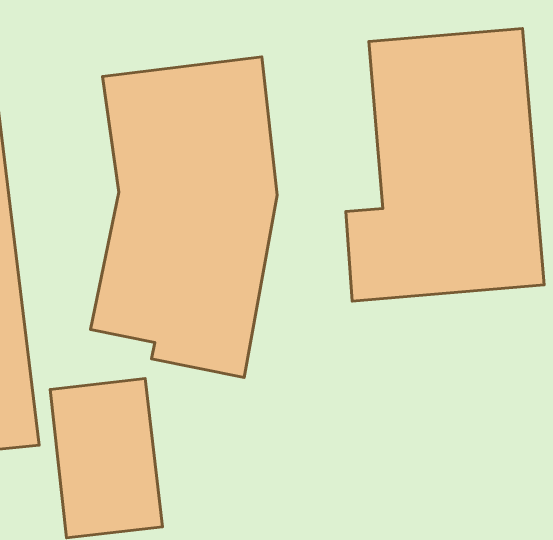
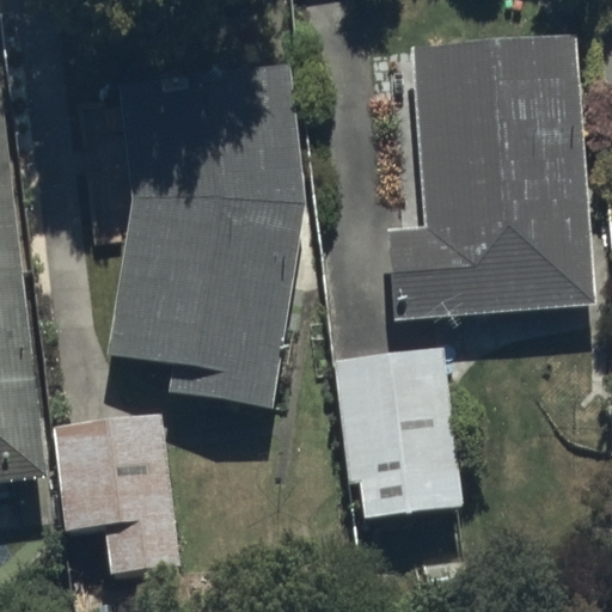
building: none -> [335,347,465,528]

